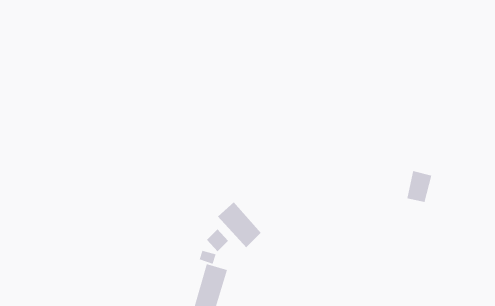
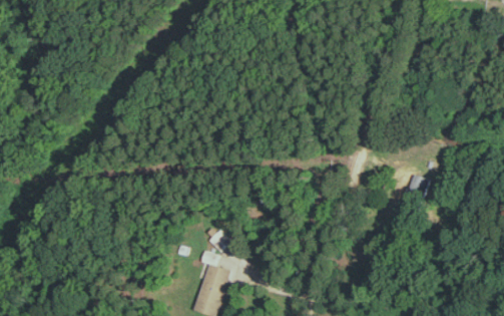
building: [217,201,261,248] -> none

